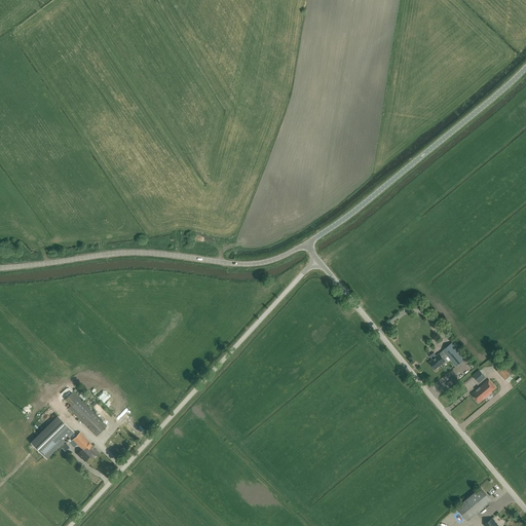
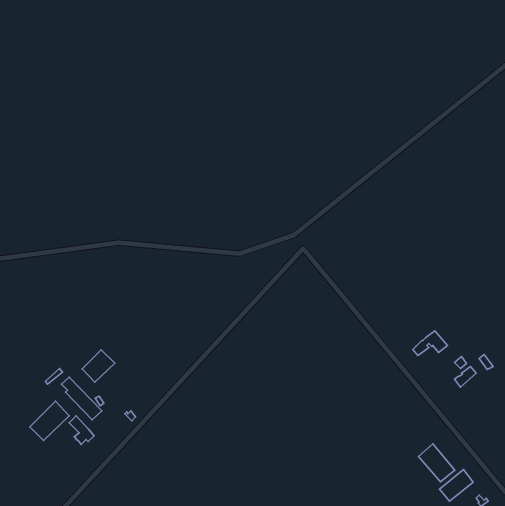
building: none -> [82,350,115,382]
building: none -> [418,444,455,482]

